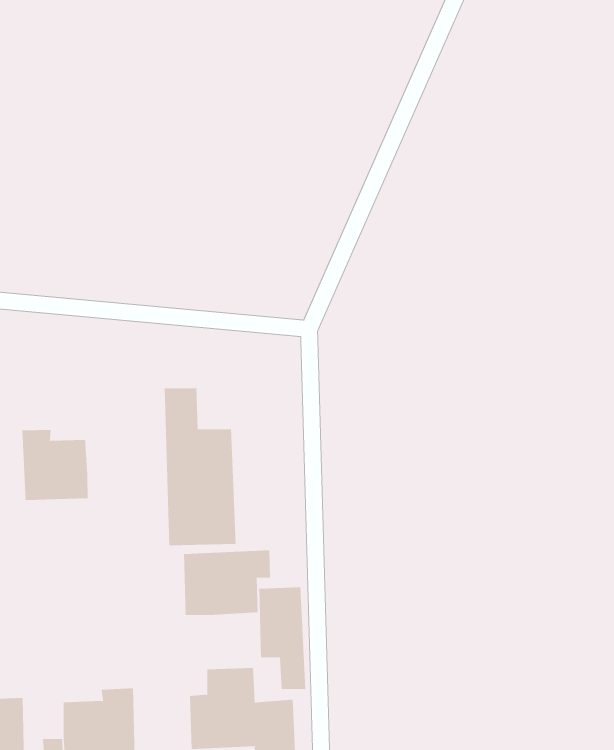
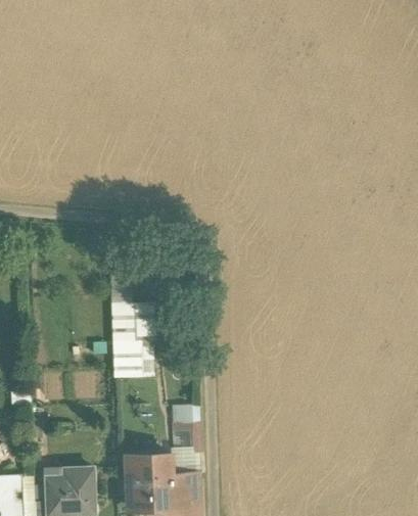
building: [22,429,88,501] -> none
building: [183,550,271,616] -> none

